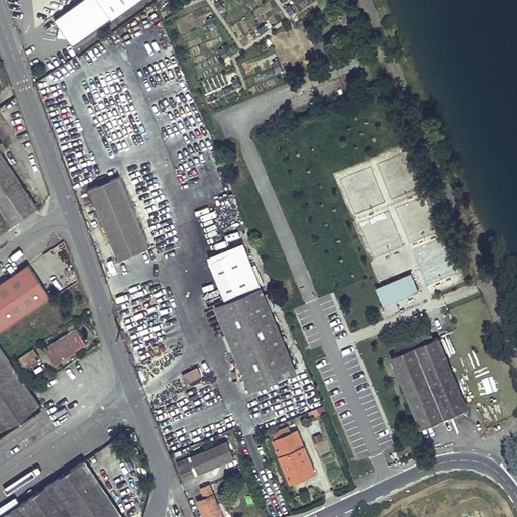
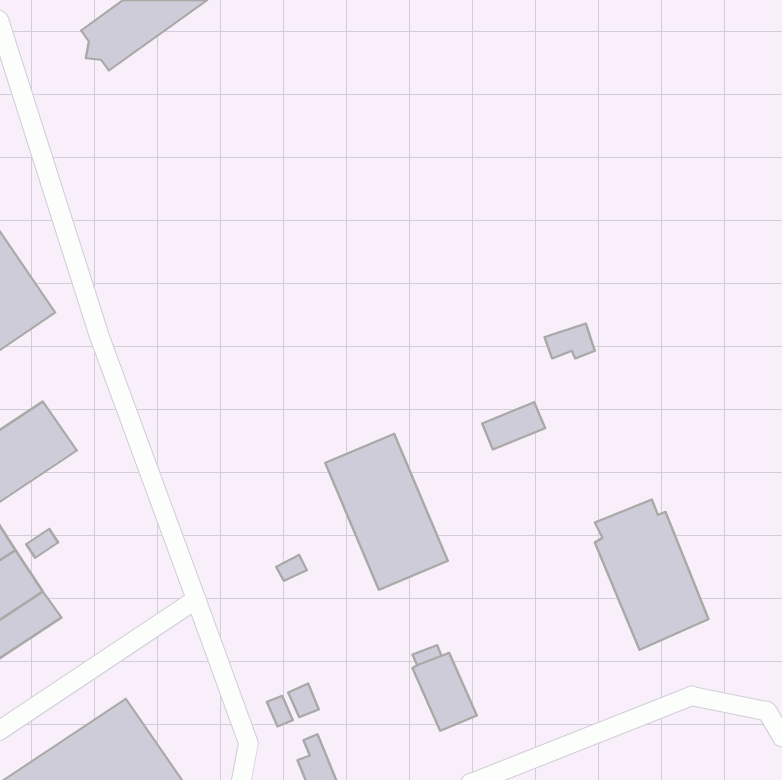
building: [87,178,147,262] -> none
building: [209,247,260,302] -> none
building: [377,274,418,305] -> [482,402,545,450]
building: [44,326,86,363] -> none
building: [203,442,233,470] -> none

